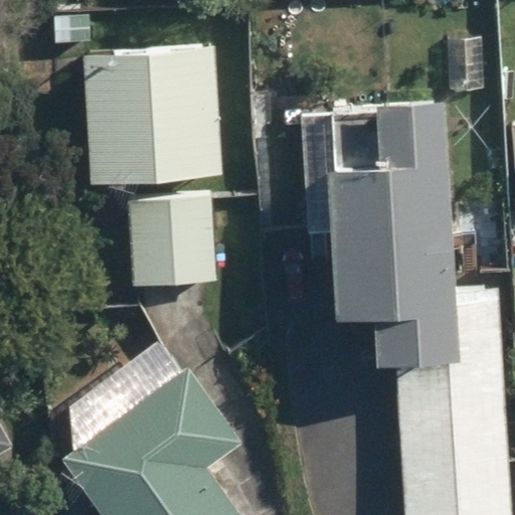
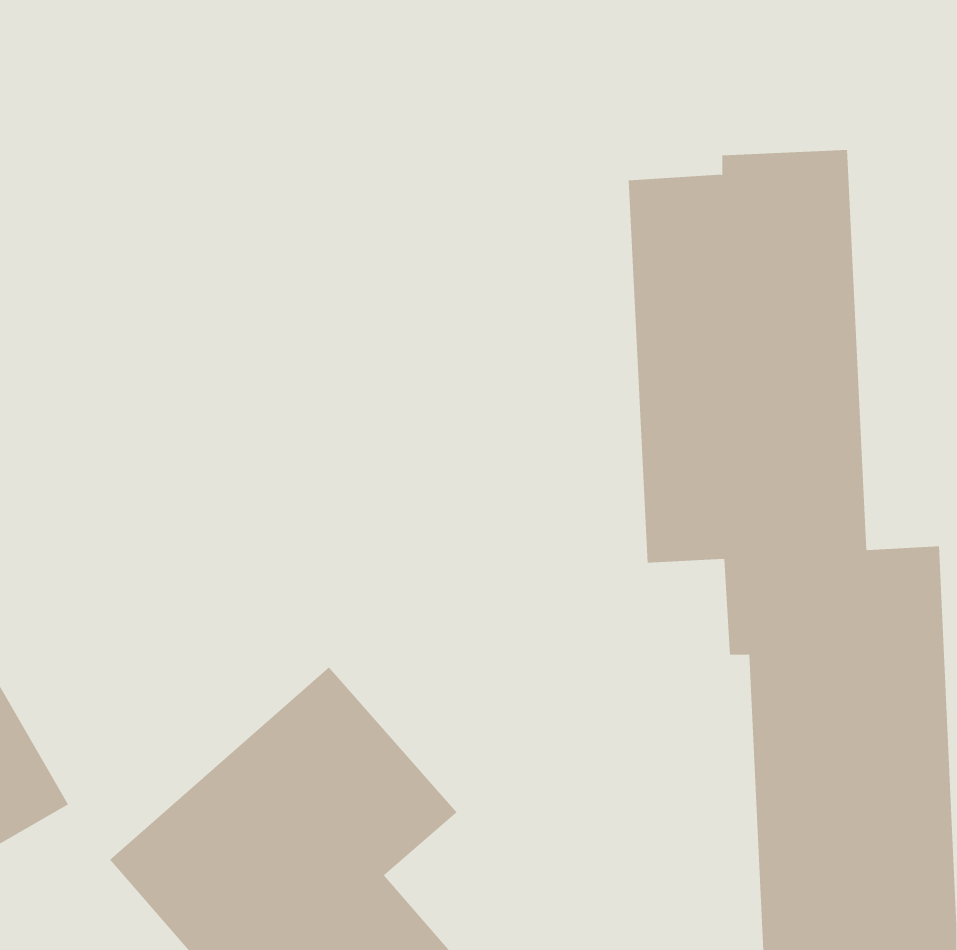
building: [79,48,217,184] -> none
building: [129,194,214,289] -> none

